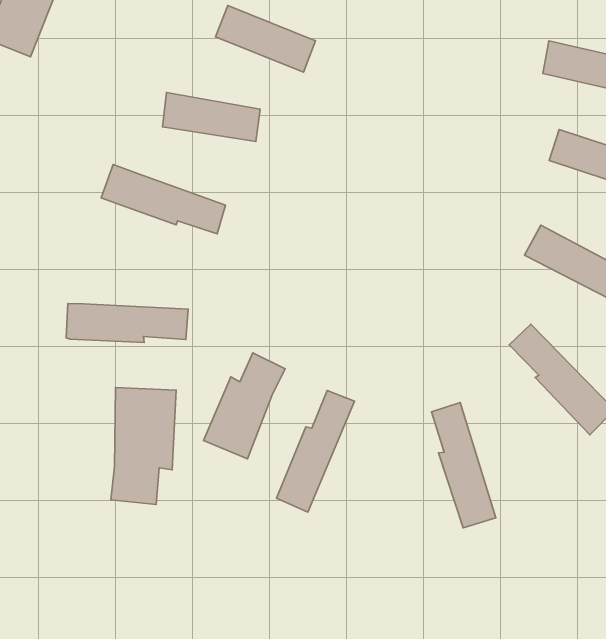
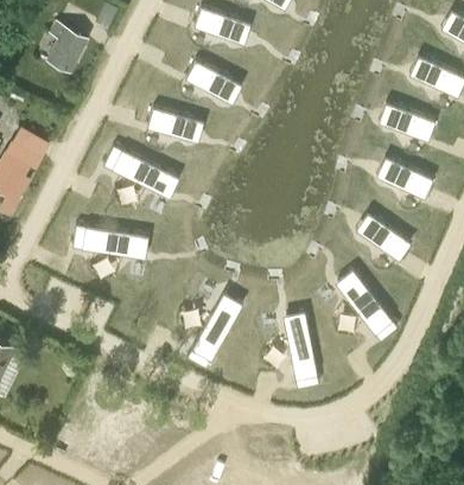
building: [203,353,285,459] -> none
building: [111,388,176,505] -> none

